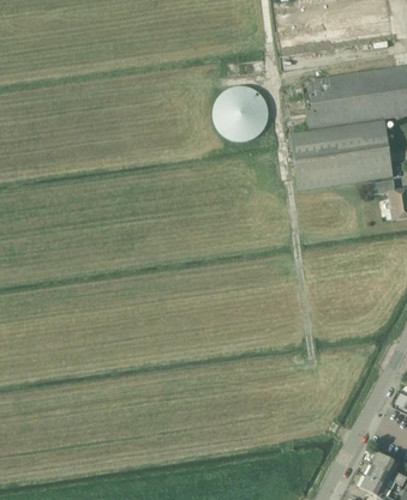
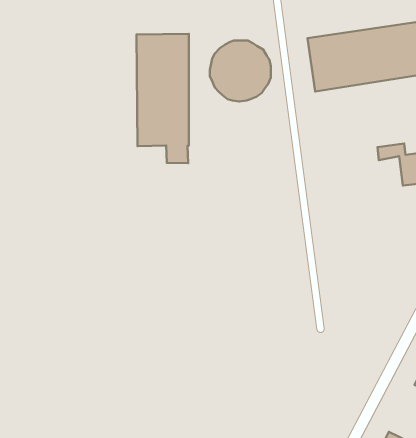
building: none -> [136,34,189,163]
building: [289,120,391,191] -> none

